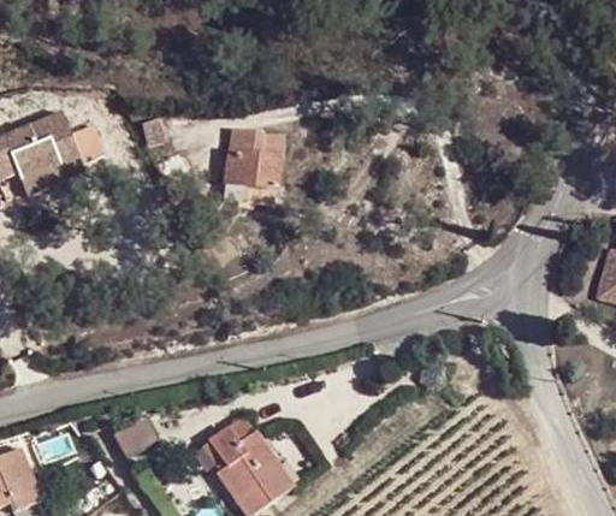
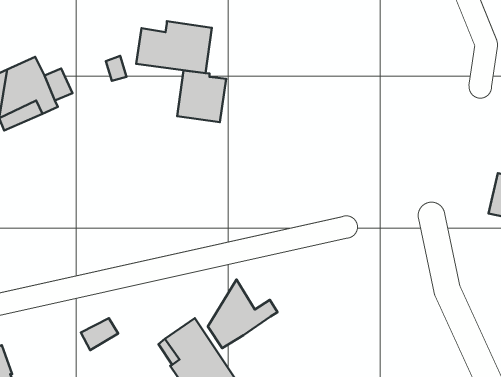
building: none -> [136,21,212,73]
building: none -> [208,280,277,348]

